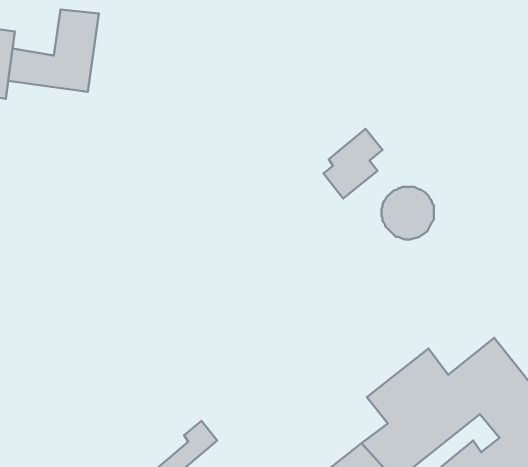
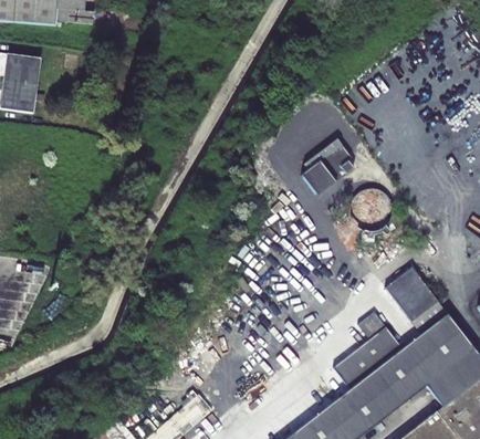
building: [8,9,99,92] -> none
building: none -> [384,270,445,333]

